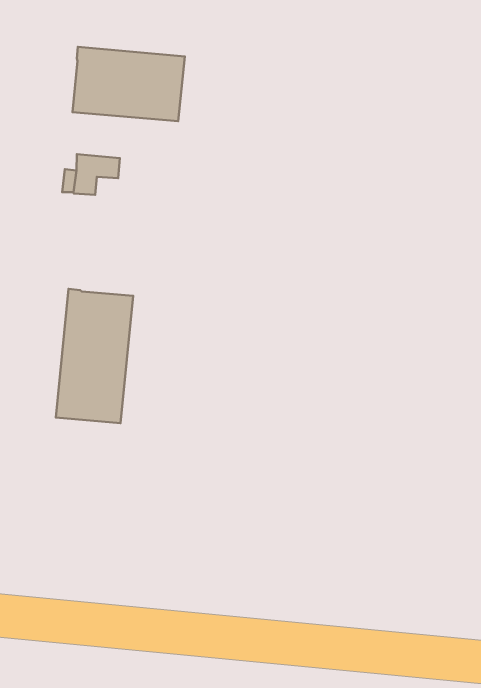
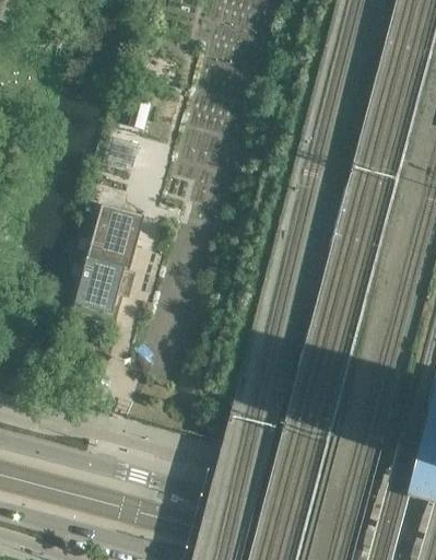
building: [72,47,185,121] -> none

